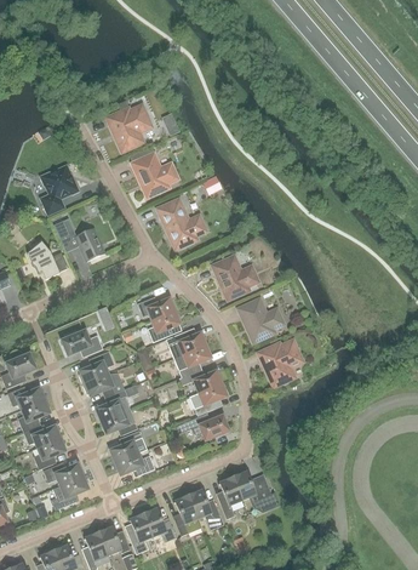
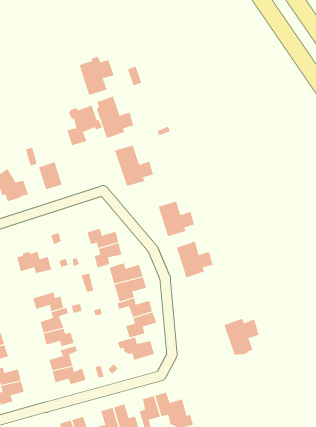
building: [40,165,80,213] -> [67,105,103,146]
building: [258,341,299,384] -> [224,318,259,355]
building: [80,349,114,382] -> none

